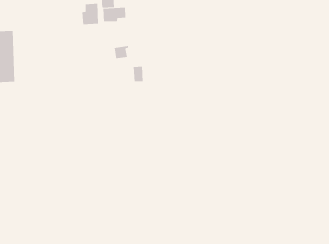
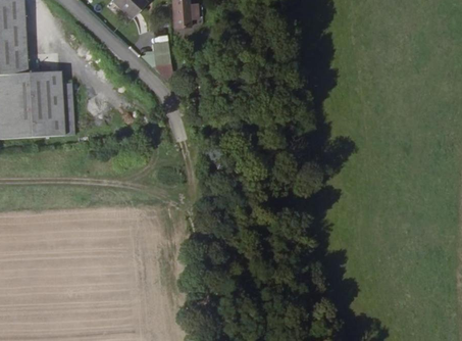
building: [103,7,126,22] -> none

